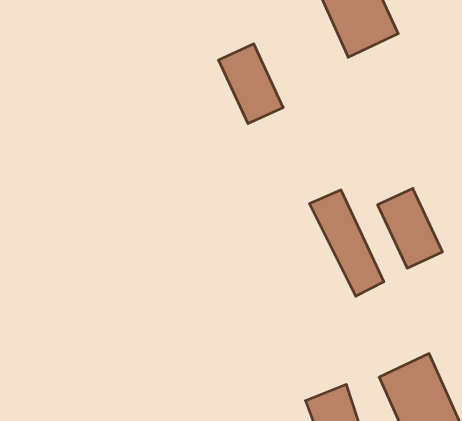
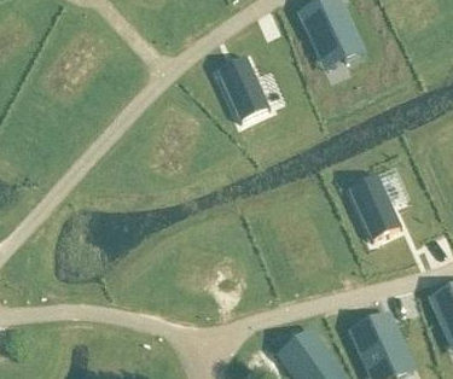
building: [310,190,384,296] -> none

